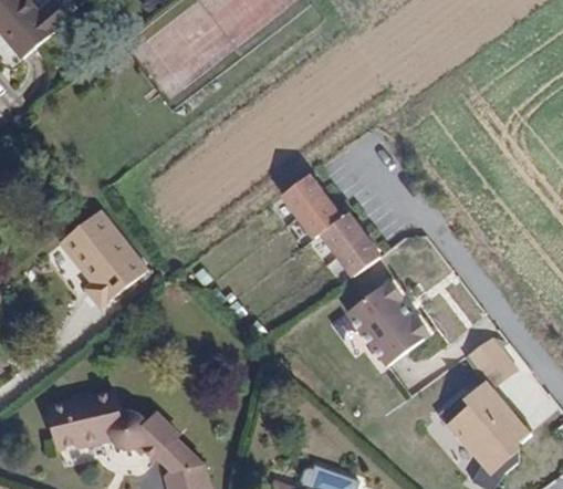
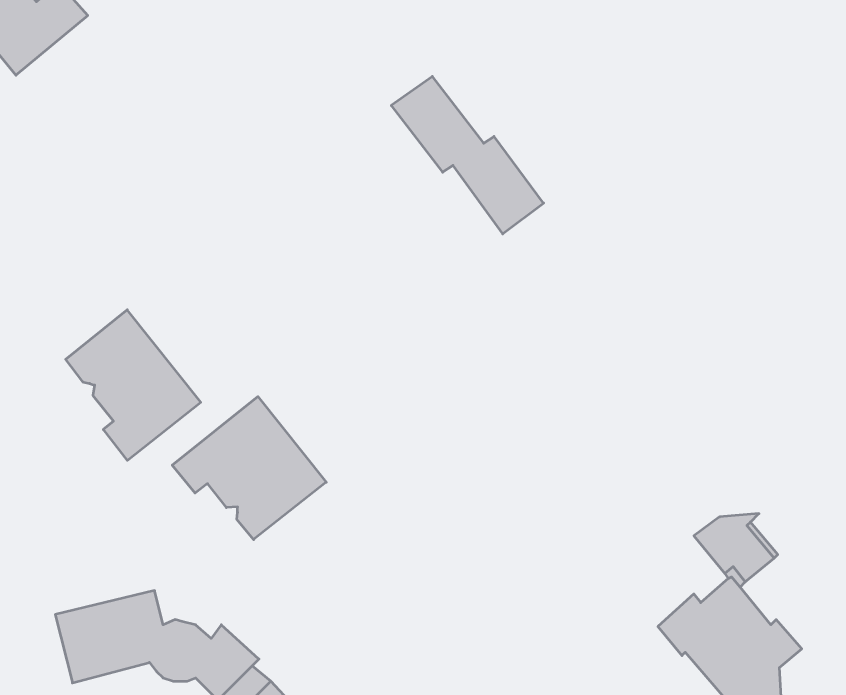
building: [282,174,380,275] -> [391,76,544,234]
building: none -> [172,397,326,540]
building: [332,280,429,370] -> none

